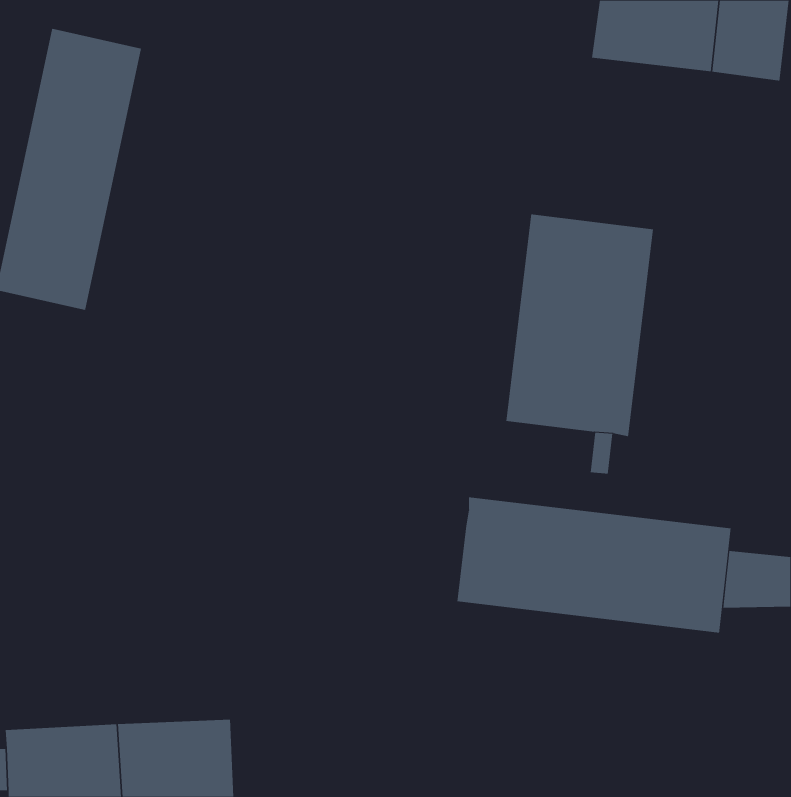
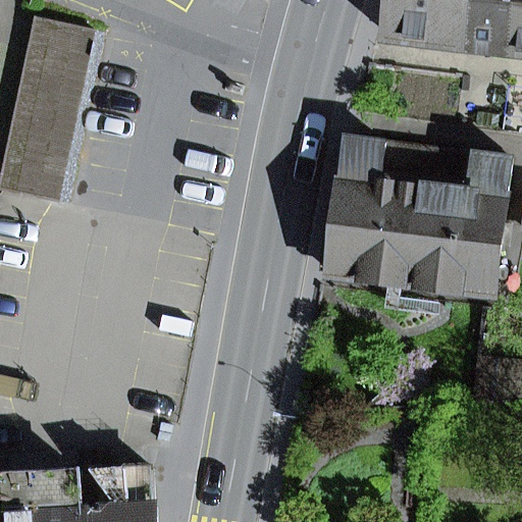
building: none -> [411,150,510,295]
building: [457,496,731,634] -> none

